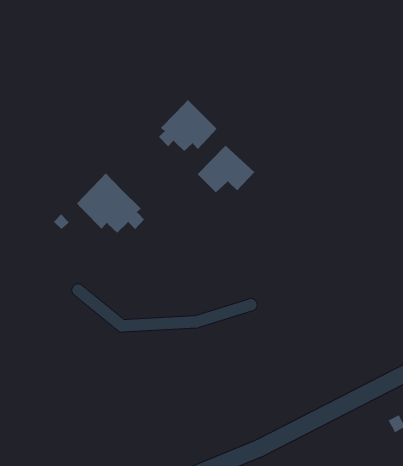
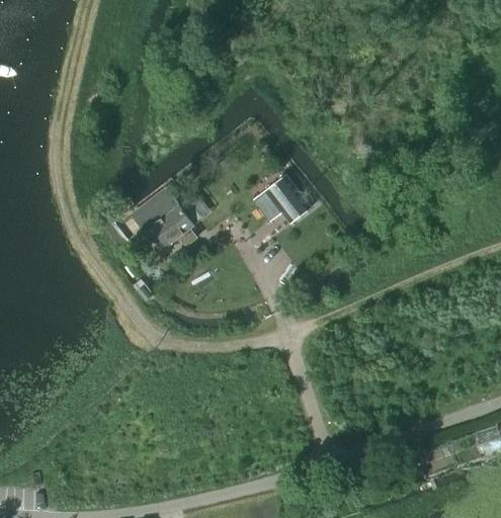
building: [158,99,217,152] -> none

